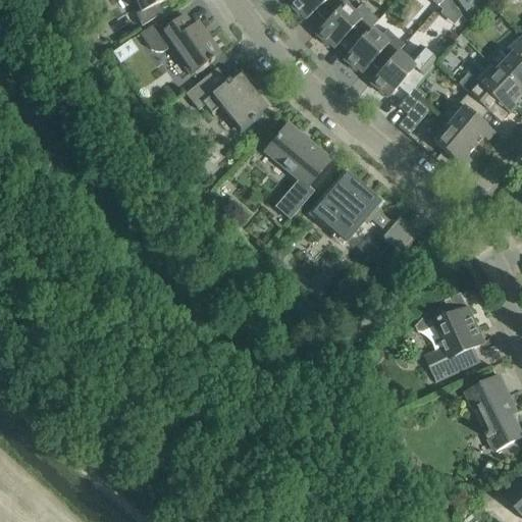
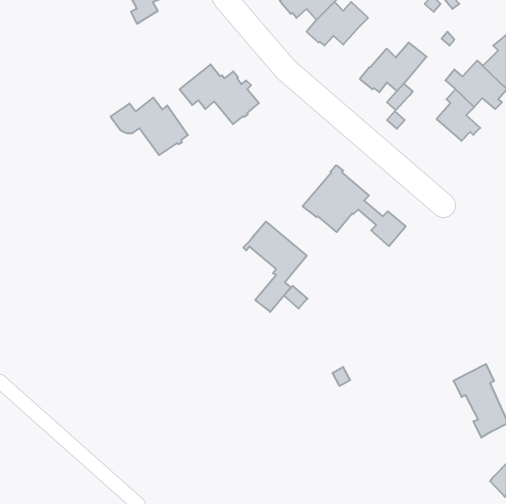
building: [141,13,220,72] -> [111,98,188,155]
building: [344,27,405,71] -> none
building: [434,122,475,166] -> none
building: [265,123,330,216] -> [243,222,307,312]
building: [416,291,485,380] -> none

